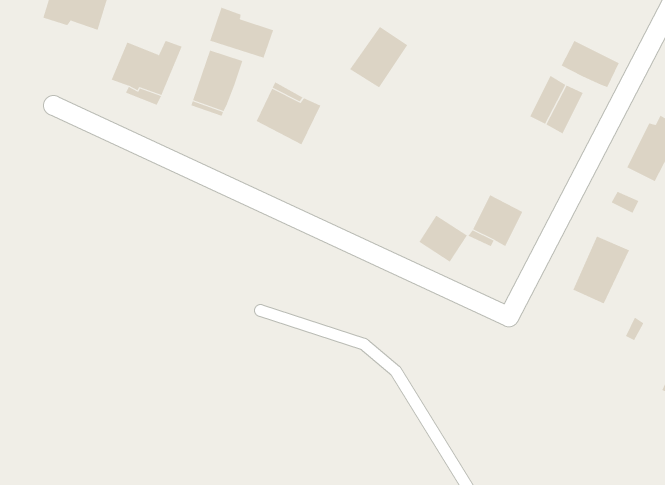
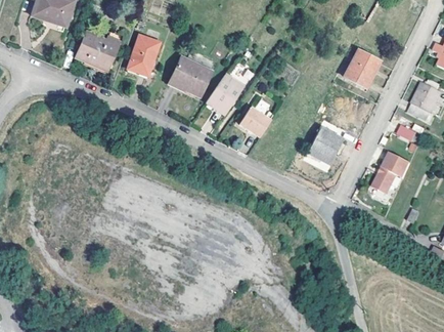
building: [209,7,274,59] -> none
building: [349,26,408,88] -> [206,74,243,114]
building: [561,40,620,88] -> none
building: [418,215,468,262] -> [239,105,271,135]

